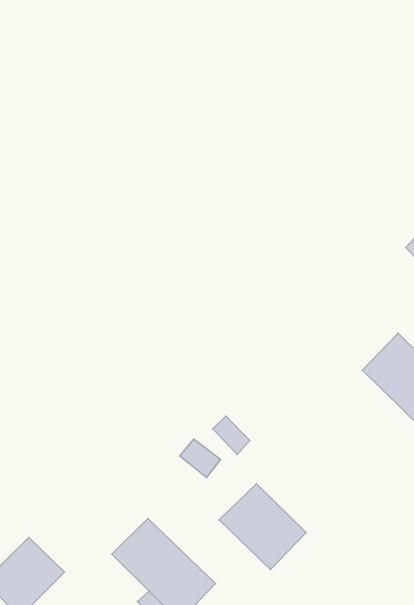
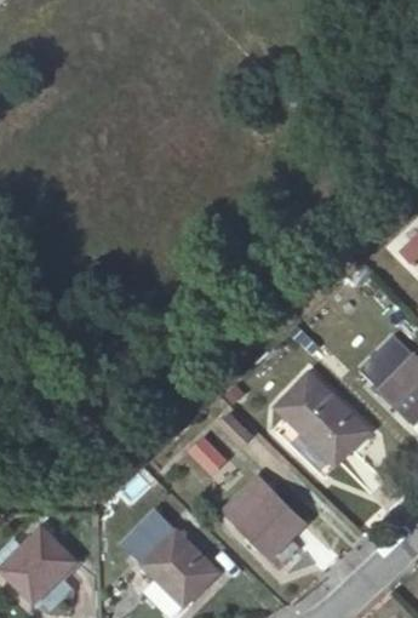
building: none -> [276,373,371,465]

